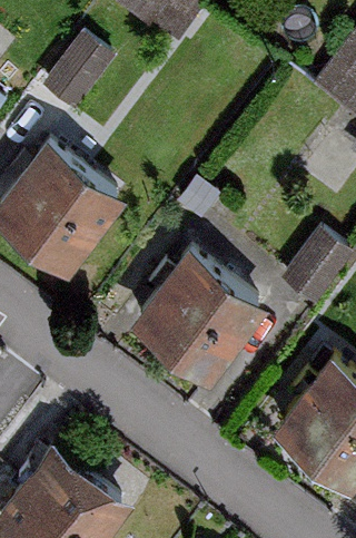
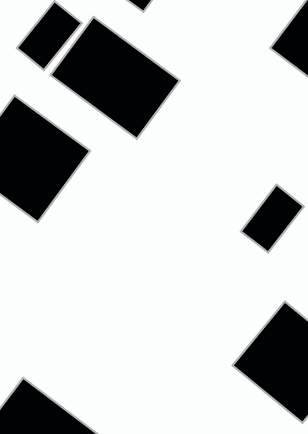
building: none -> [50,17,180,139]
building: [134,251,265,381] -> none

